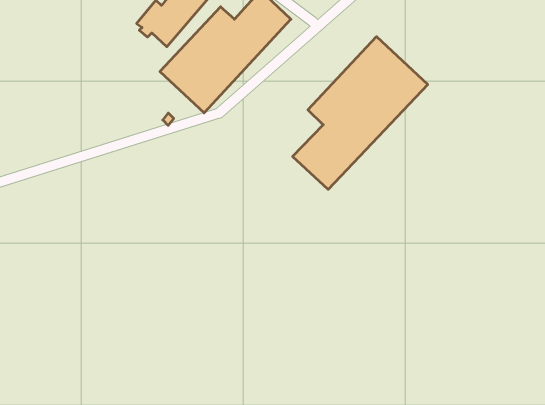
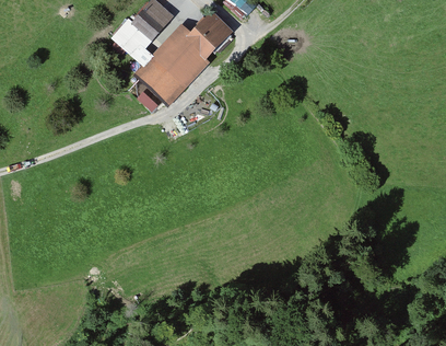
building: [293,37,428,189] -> none

